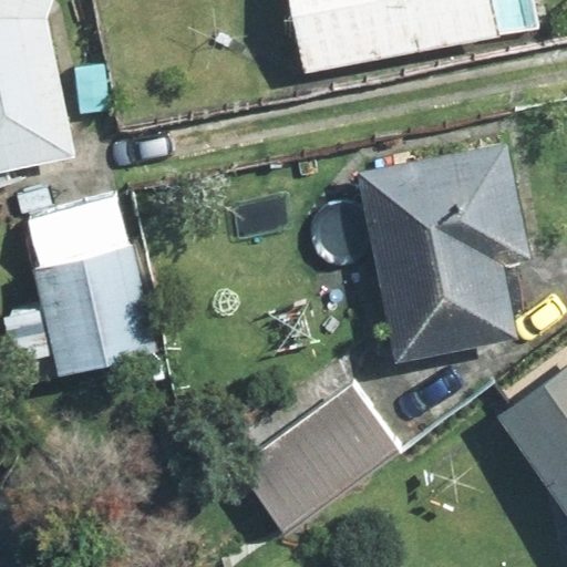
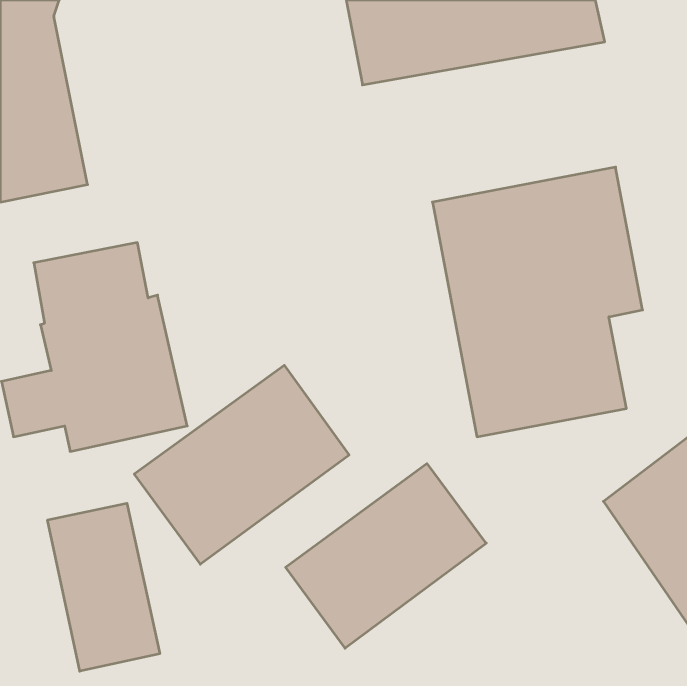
building: none -> [134,365,349,564]
building: none -> [48,503,160,671]

